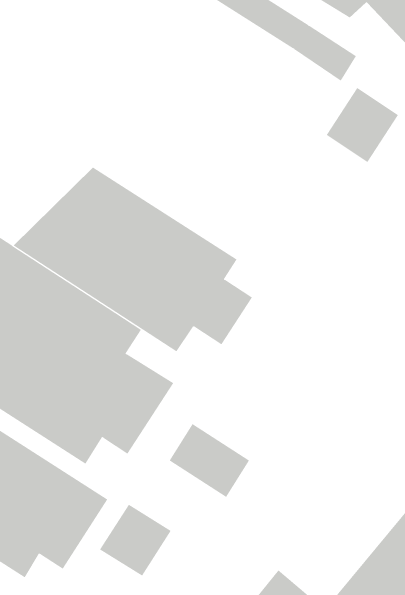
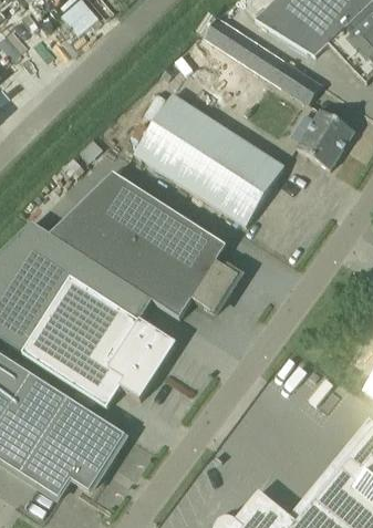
building: none -> [132,92,282,224]
building: [169,423,250,498] -> none
building: [99,504,172,576] -> none

